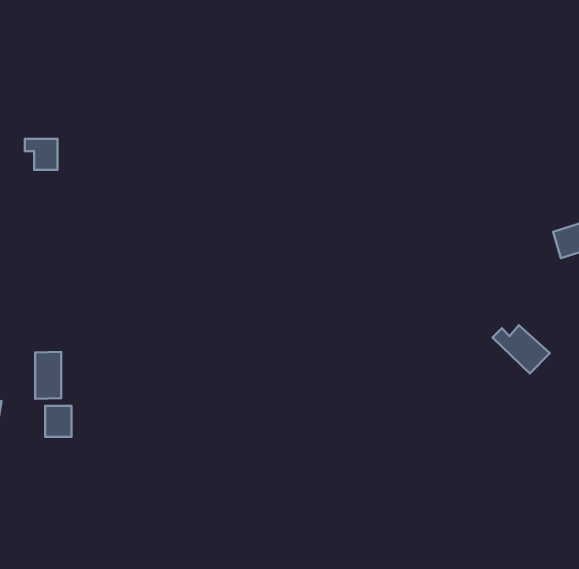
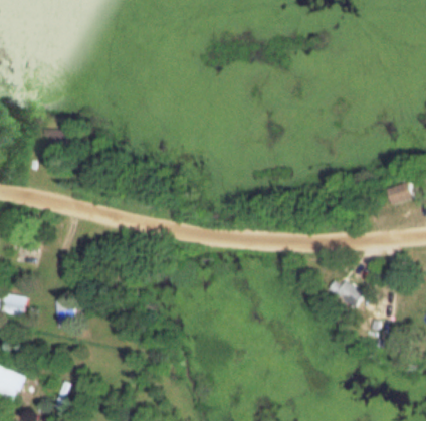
building: [493,325,550,373] -> [329,279,366,310]
building: [35,352,61,399] -> none

